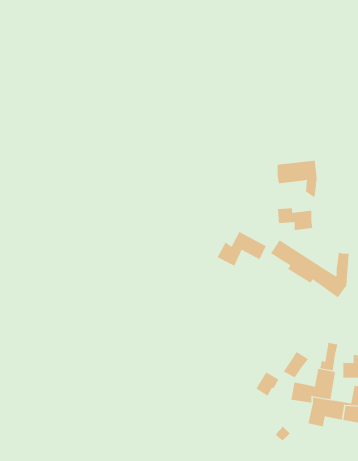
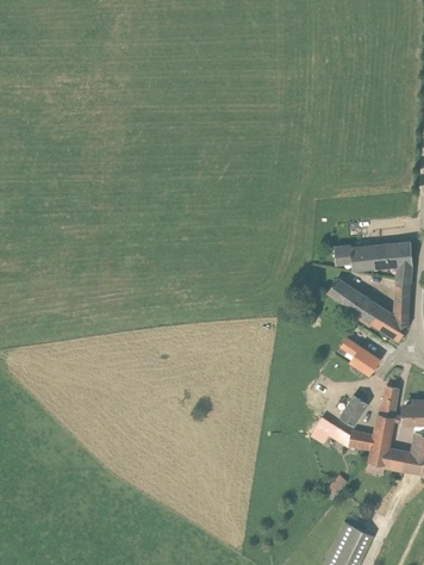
building: [277,160,318,197] -> [370,242,413,281]
building: [217,231,266,267] -> none
building: none -> [337,337,380,374]

